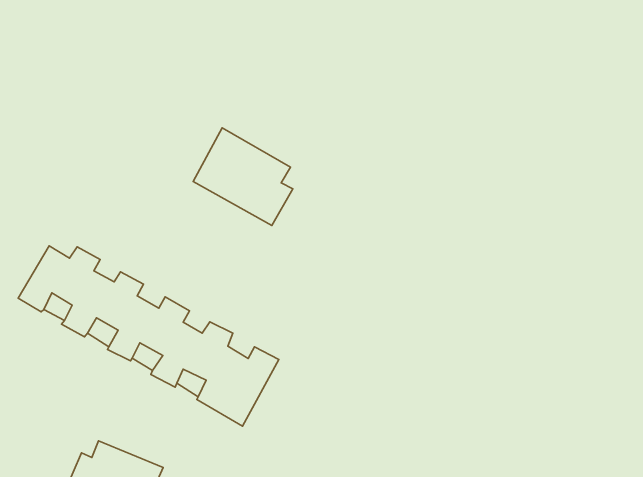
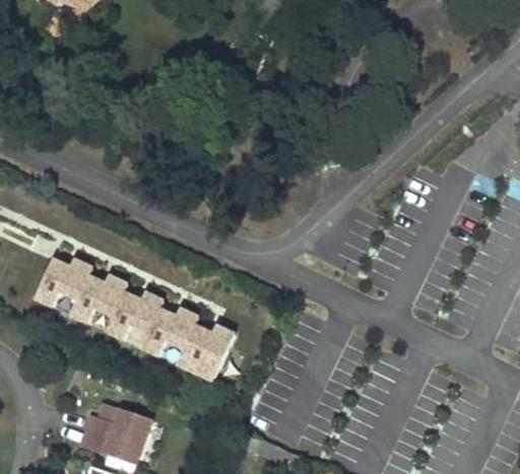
building: [193,128,293,226] -> none

